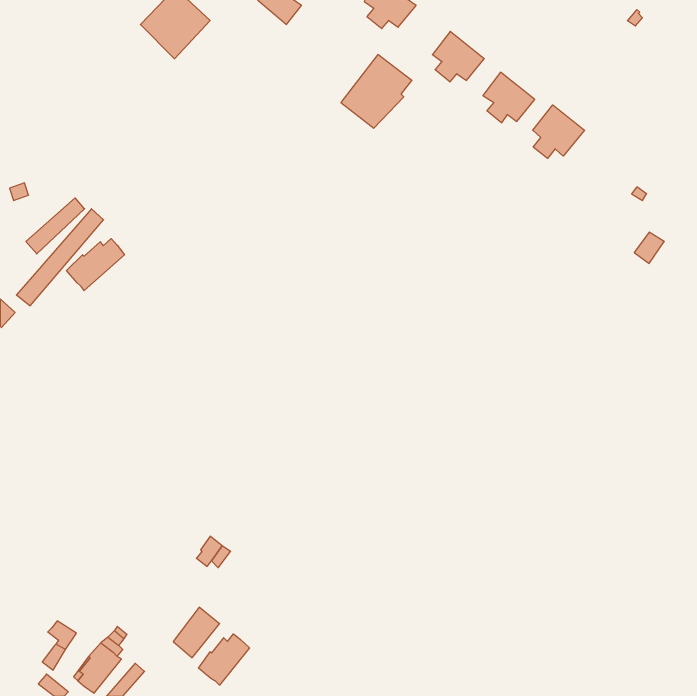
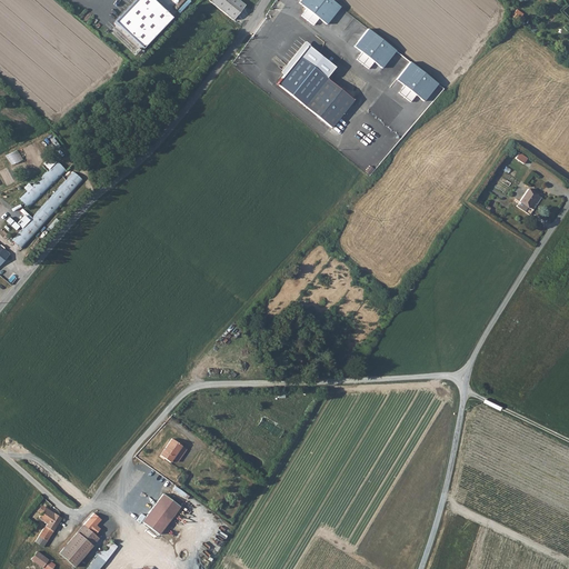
building: none -> [305,79,352,126]
building: [533,105,585,158] -> none
building: [66,239,124,291] -> none
building: [198,634,249,685] -> none

